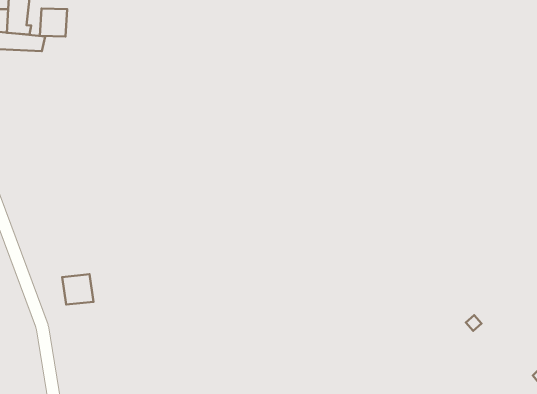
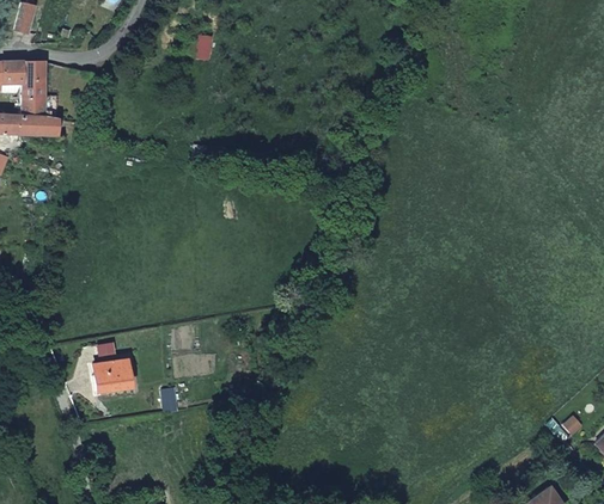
building: [40,9,67,36] -> none

